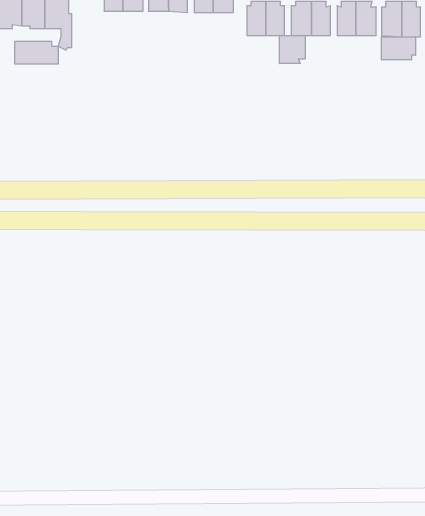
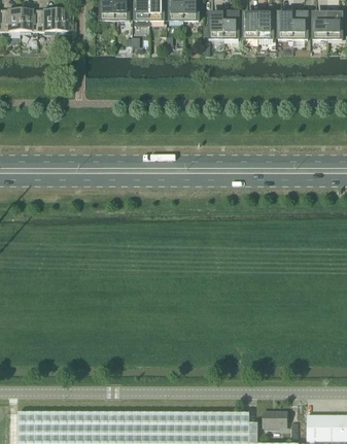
building: [280,35,305,64] -> none
building: [381,37,415,60] -> none
building: [15,41,58,64] -> none

